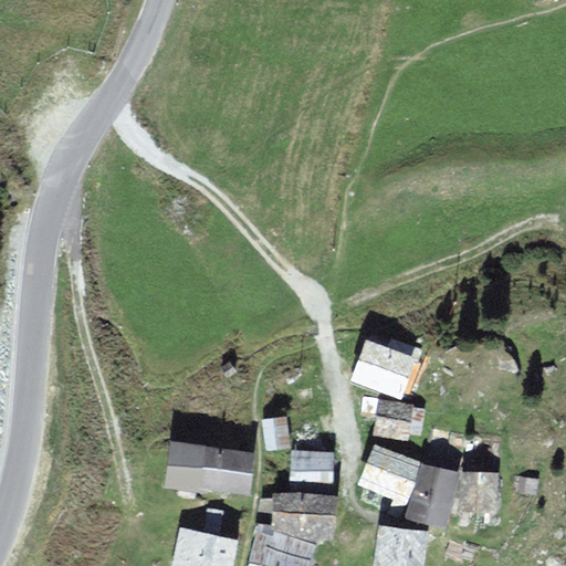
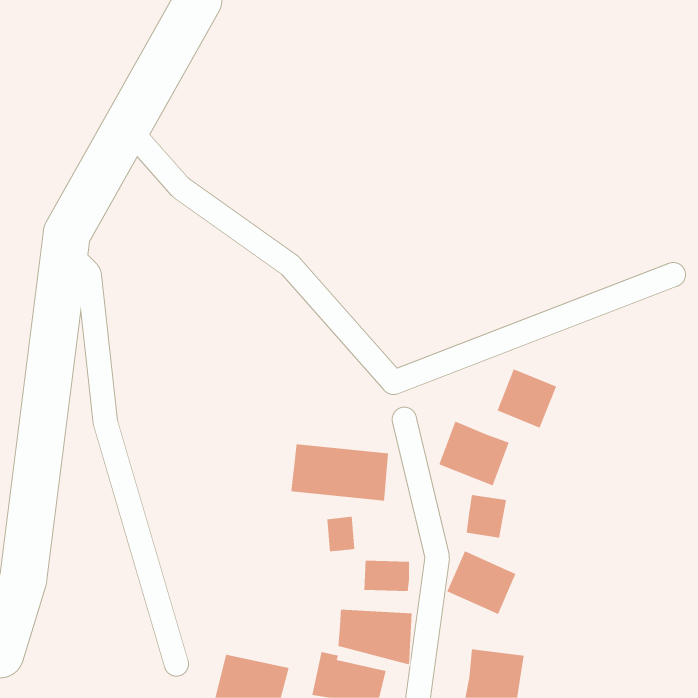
building: none -> [497,368,557,429]
building: [170,444,250,491] -> [290,444,389,501]
building: [411,464,455,522] -> none
building: [462,473,497,506] -> none

